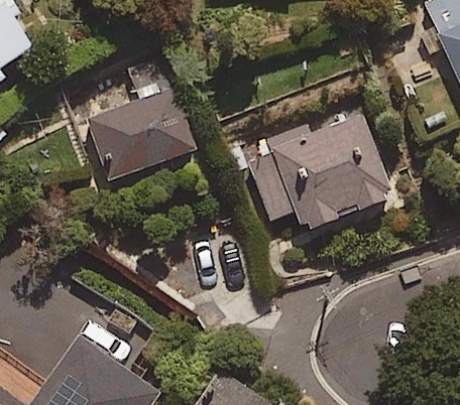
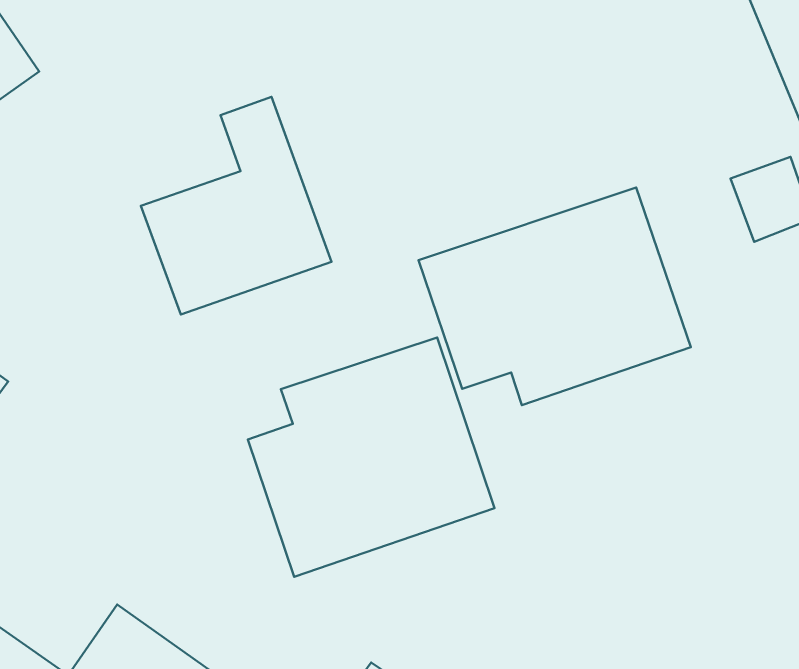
building: none -> [248,337,495,577]

